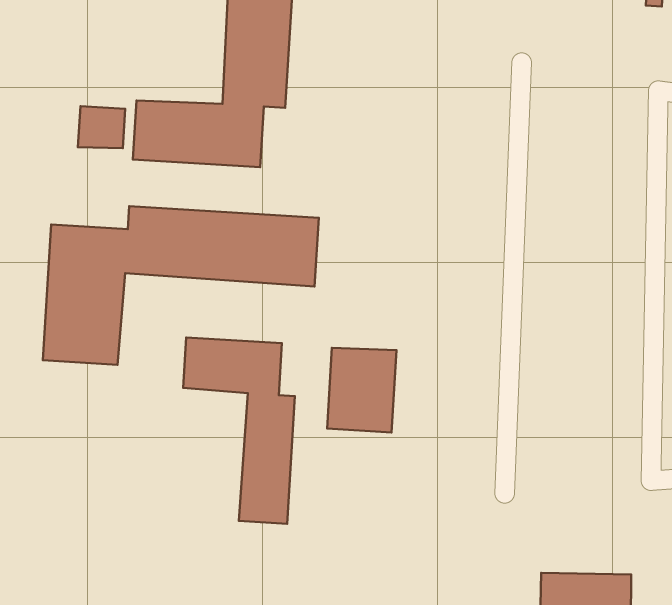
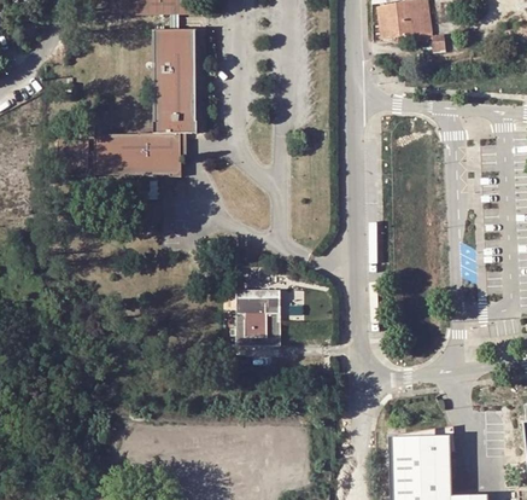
building: [43,206,319,365] -> none
building: [183,337,295,524] -> none

